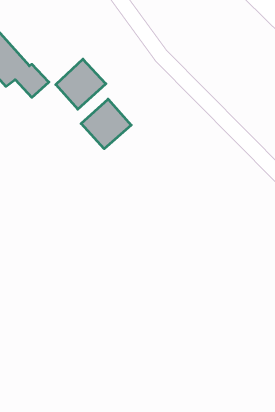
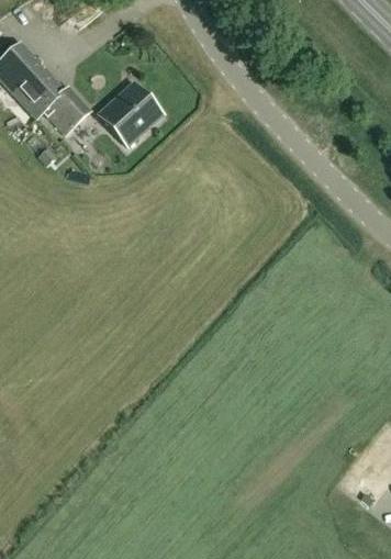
building: [81,99,131,149] -> none

